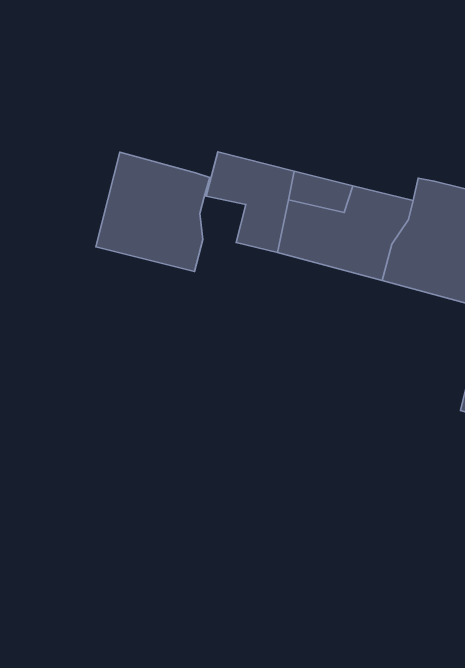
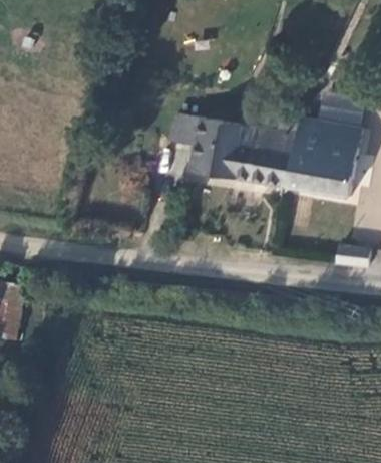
building: [96,152,210,272] -> none

